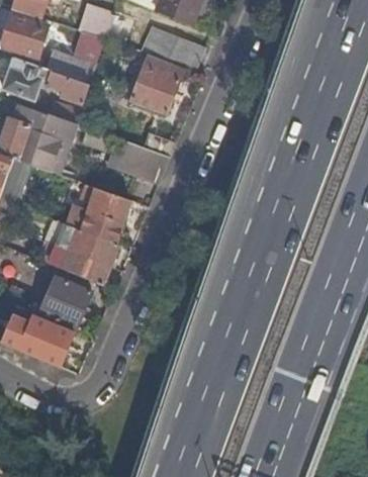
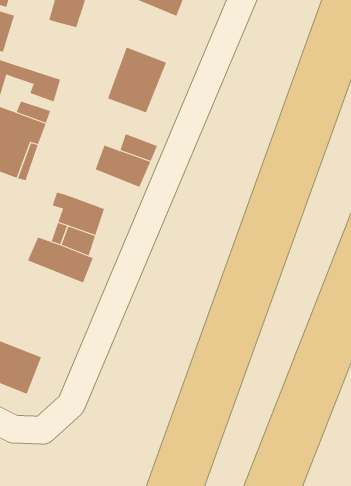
building: [140,26,203,72] -> none
building: [44,30,104,83] -> none
building: [50,246,108,285] -> none
building: [39,276,90,327] -> none

